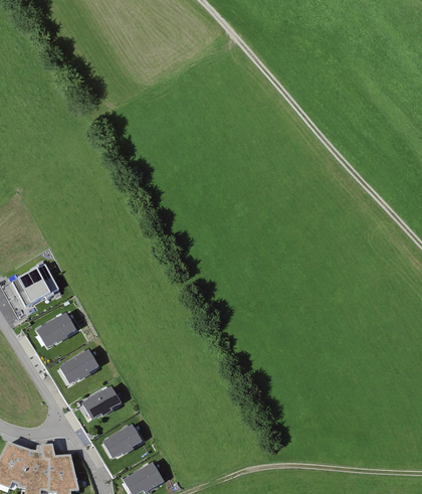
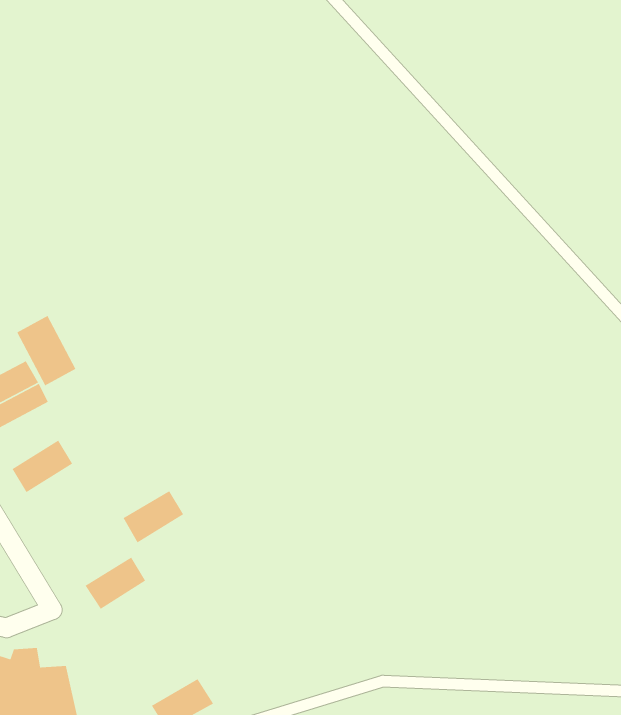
building: none -> [16,315,77,386]
building: [60,350,98,383] -> [123,490,184,544]
building: [103,424,142,457] -> none

